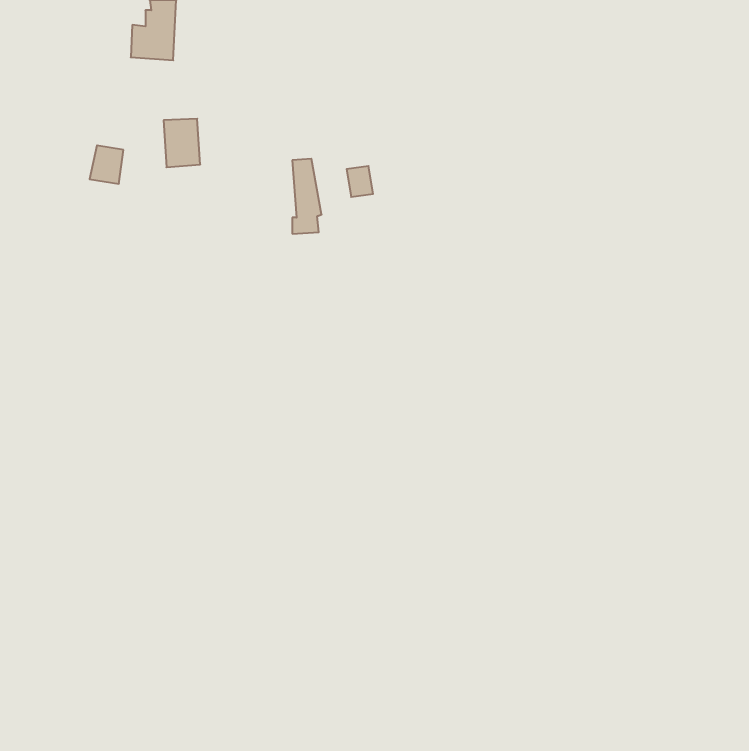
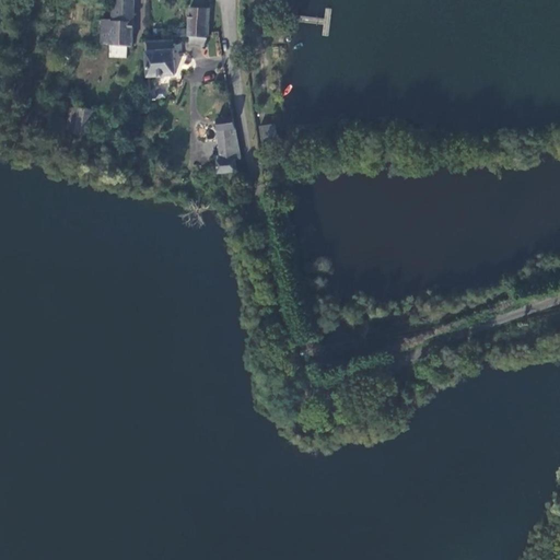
building: none -> [177,5,210,37]
building: [164,119,200,167] -> [147,37,174,73]

